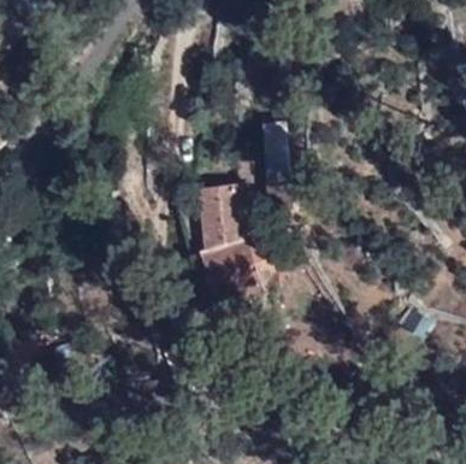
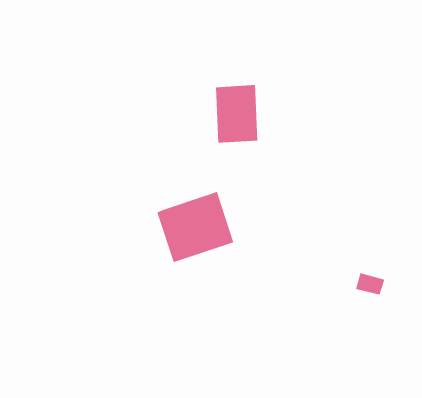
building: [199,186,249,249] -> none

